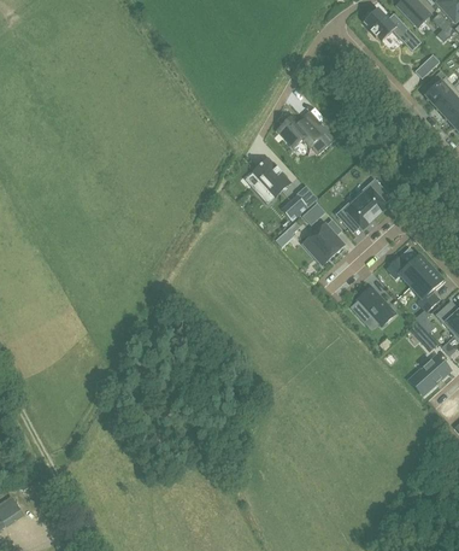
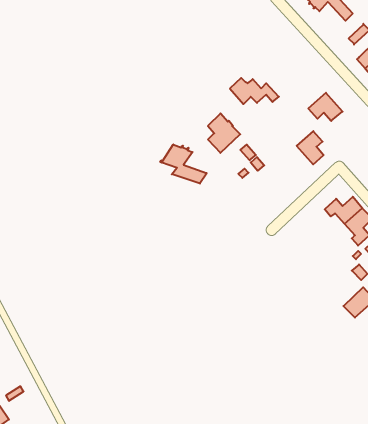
building: none -> [160,144,207,184]
building: [335,194,375,227] -> [308,93,343,121]
building: [304,222,345,263] -> none
building: [351,286,395,324] -> none

